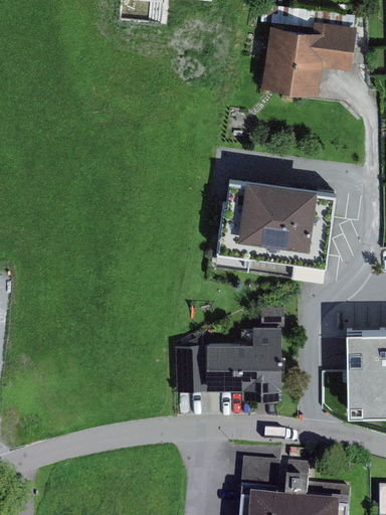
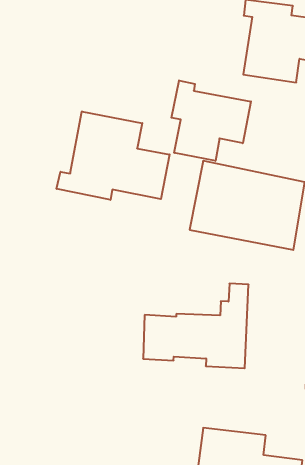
building: none -> [171,80,251,161]
building: none -> [57,111,170,200]

